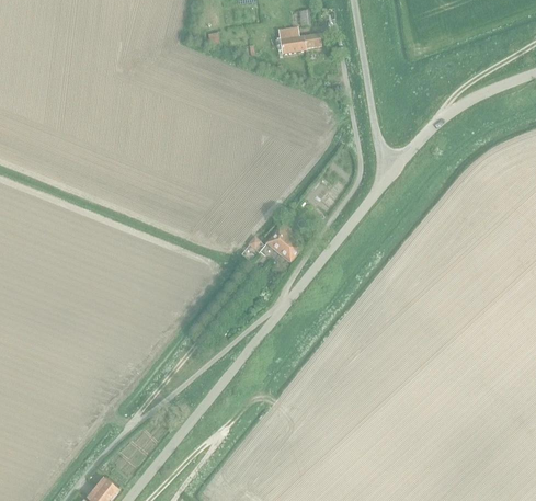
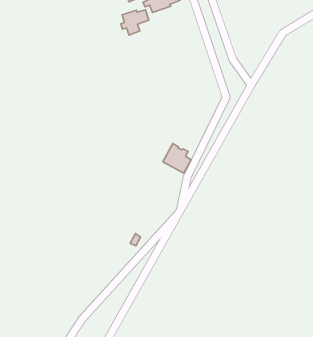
building: none -> [121,10,149,35]

